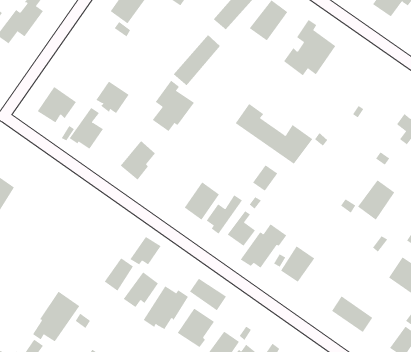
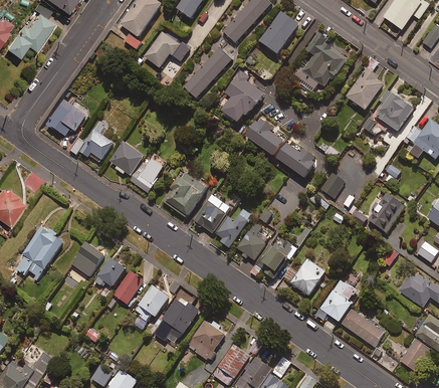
building: none -> [144,31,188,67]
building: none -> [346,67,386,110]
building: none -> [374,88,413,131]
building: [152,80,195,132] -> [221,69,264,122]
building: [96,81,130,114] -> [109,142,144,175]
building: none -> [163,169,208,215]
building: [252,164,278,191] -> [319,172,346,199]
building: none -> [71,242,103,275]
building: [130,236,162,265] -> [93,257,126,286]
building: none -> [320,278,357,322]
building: [189,278,227,311] -> none
building: [32,291,80,342] -> [15,225,63,276]

